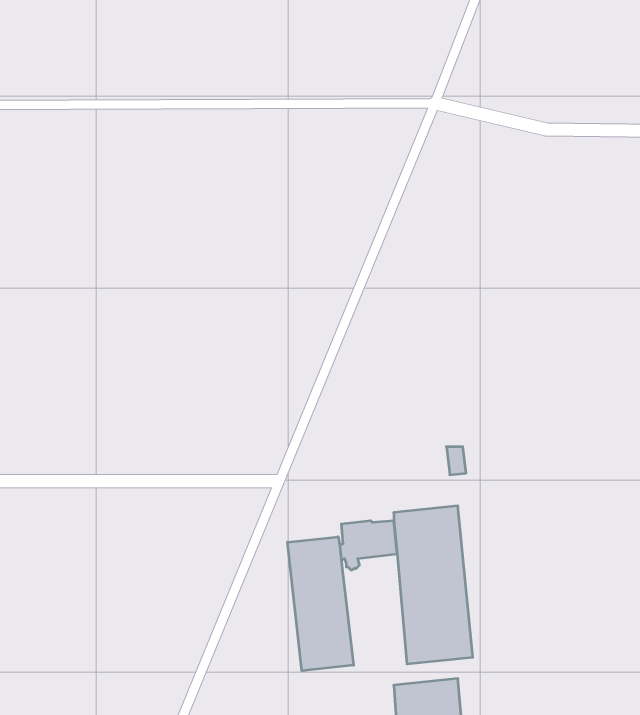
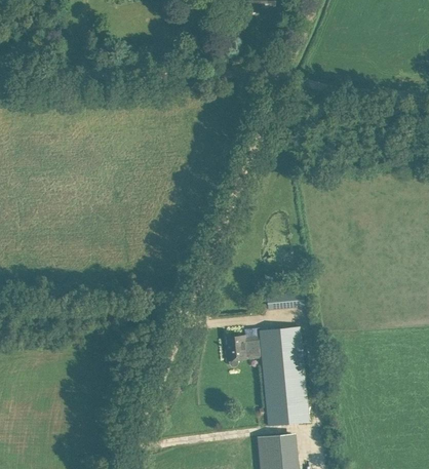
building: [288,537,354,671] -> none

